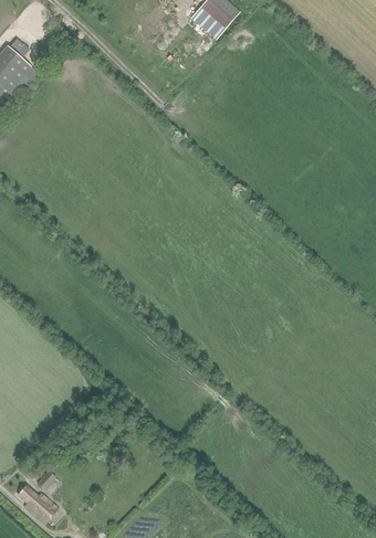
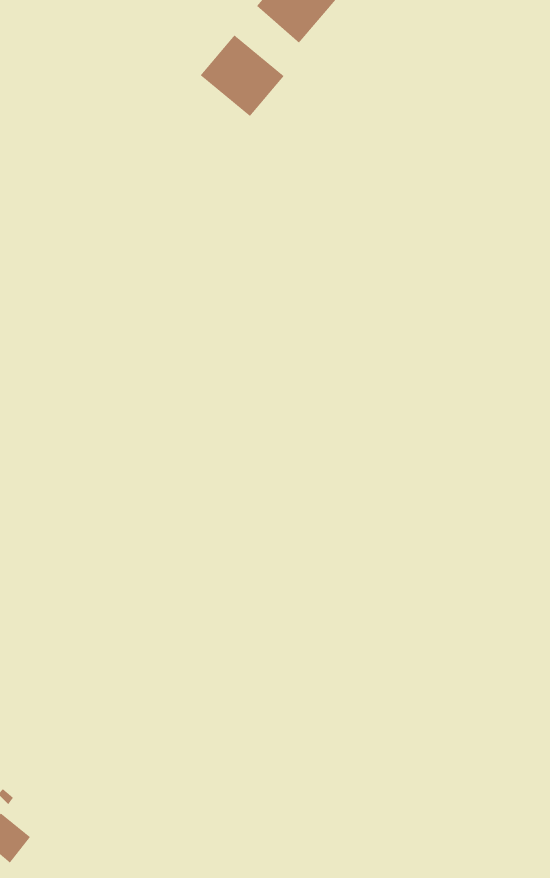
building: none -> [200,35,284,117]

